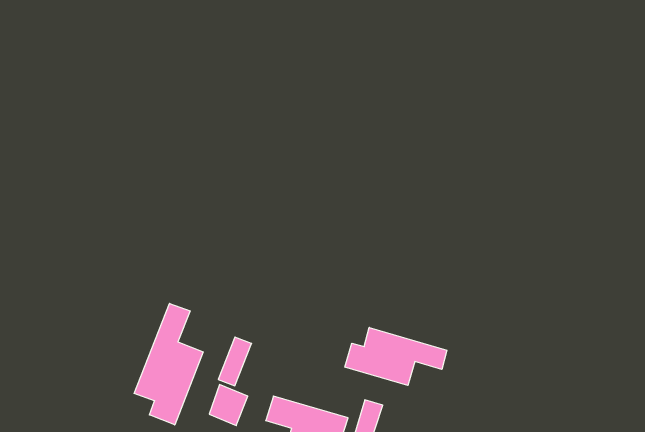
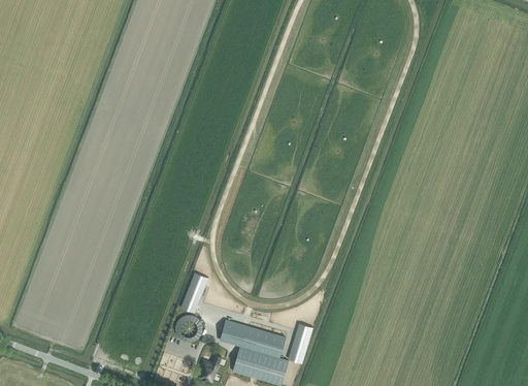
building: [134,303,203,425] -> none
building: [345,327,447,385] -> none

